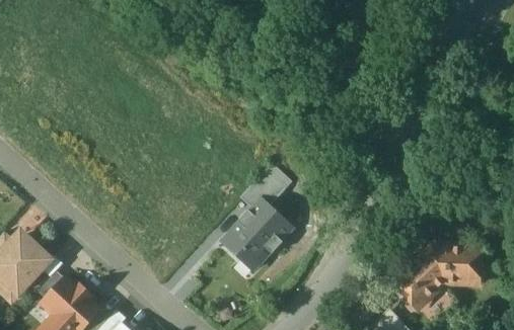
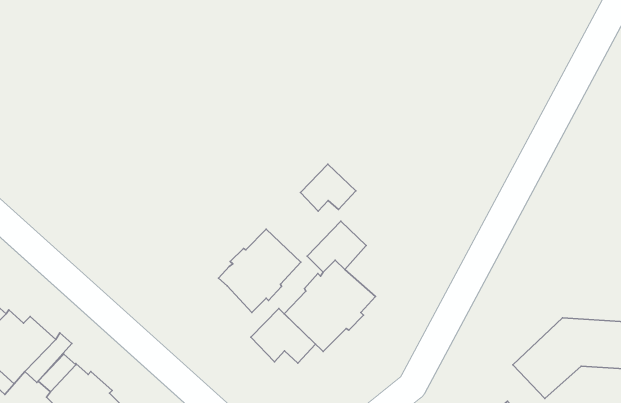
building: none -> [301,164,356,211]
building: none -> [218,229,301,312]
building: none -> [251,309,316,363]

